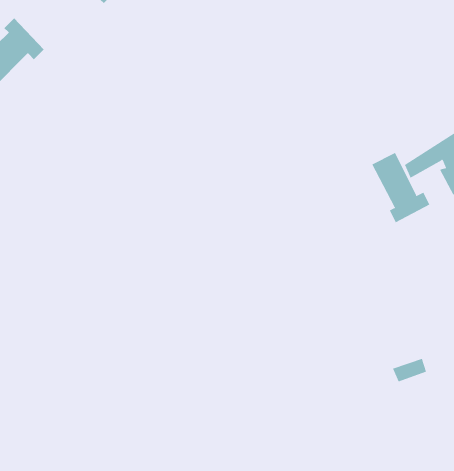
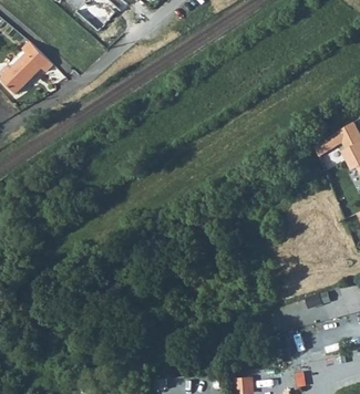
building: [371,152,430,223] -> none

